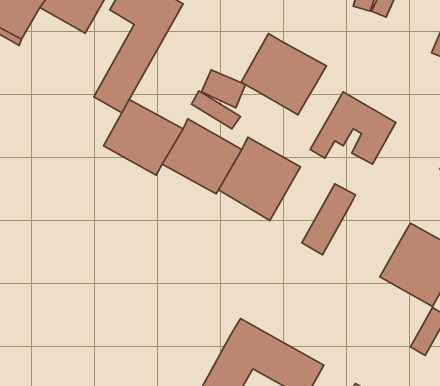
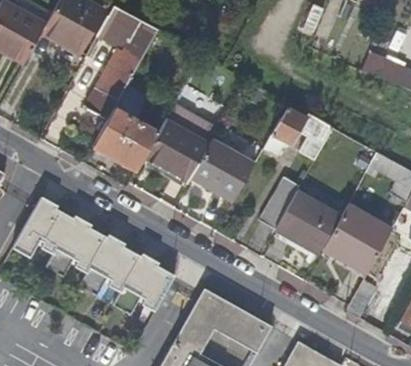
building: [241,34,326,115] -> none
building: none -> [272,192,340,259]
building: none -> [13,195,176,312]

